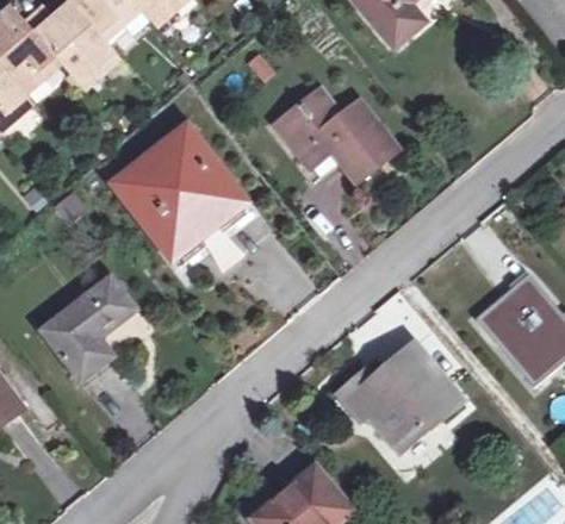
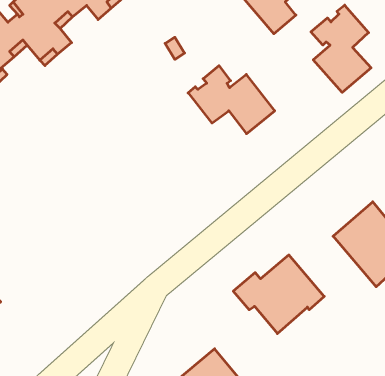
building: none -> [311,5,371,92]
building: [114,127,252,267] -> none
building: [42,276,136,380] -> none

